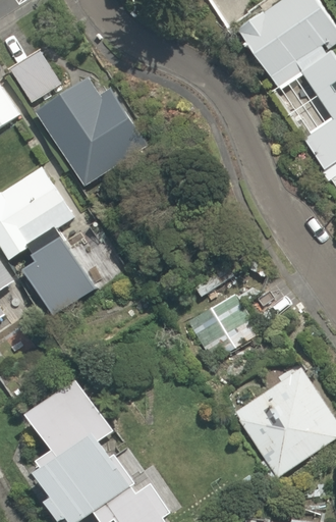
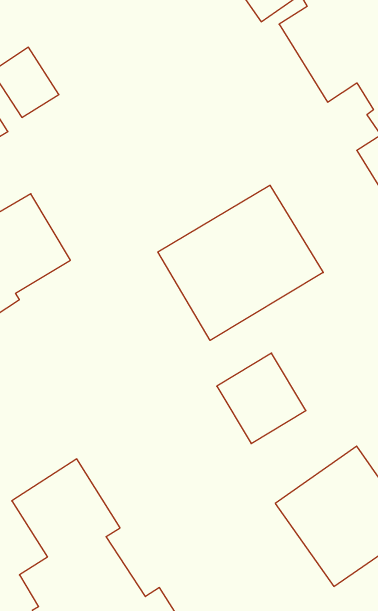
building: [38,75,151,186] -> none
building: none -> [158,185,323,340]
building: [20,234,94,317] -> none

